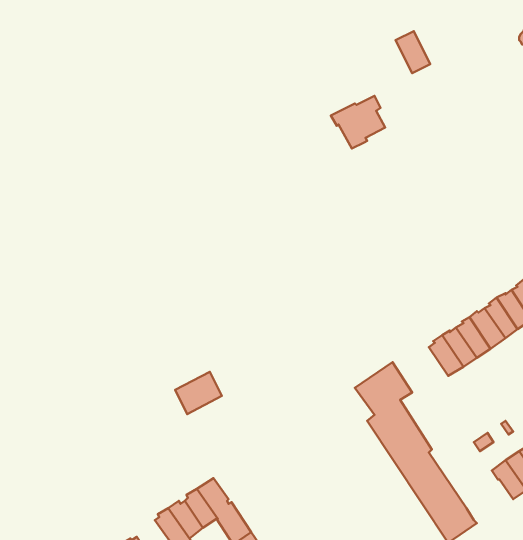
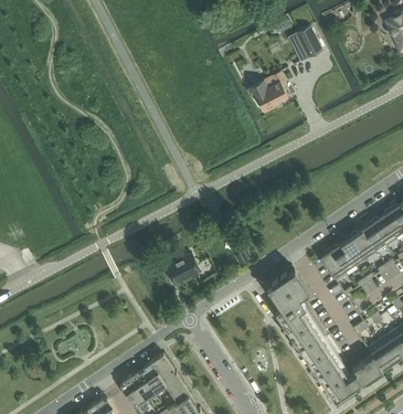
building: [175,372,222,414] -> [167,253,201,284]
building: none -> [349,355,383,385]

